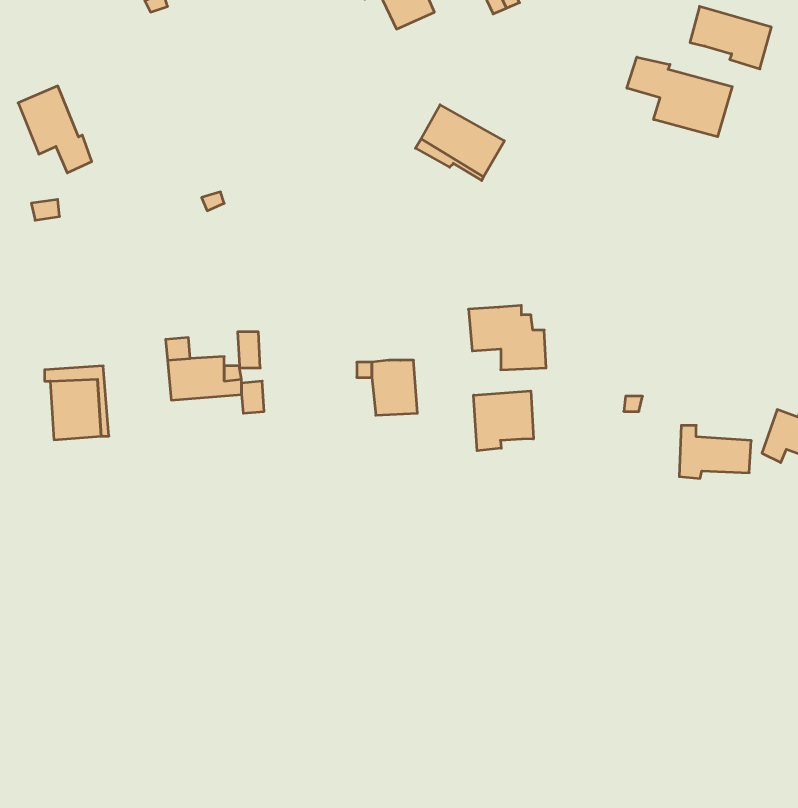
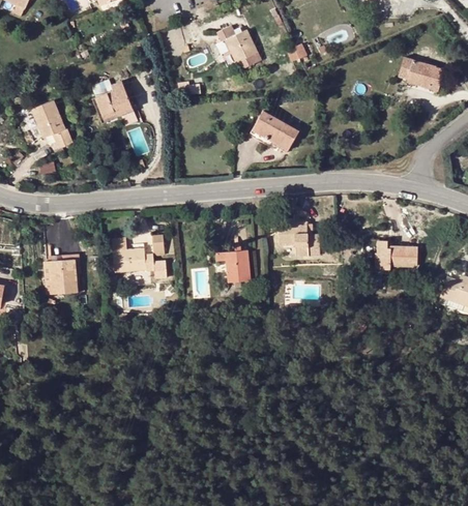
building: none -> [95,81,131,115]
building: [627,57,732,137] -> none
building: [474,391,533,451] -> none
building: [679,425,751,478] -> [378,240,417,269]

